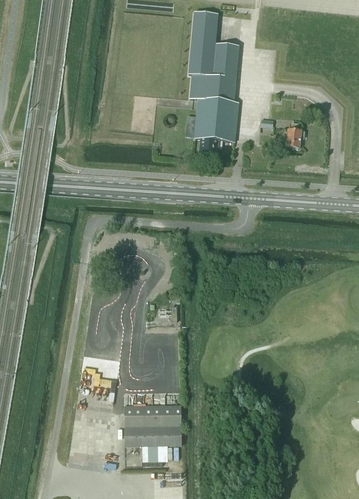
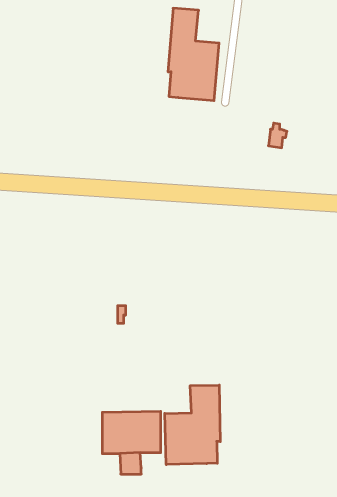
building: [194,98,238,157] -> none
building: none -> [165,385,220,465]

